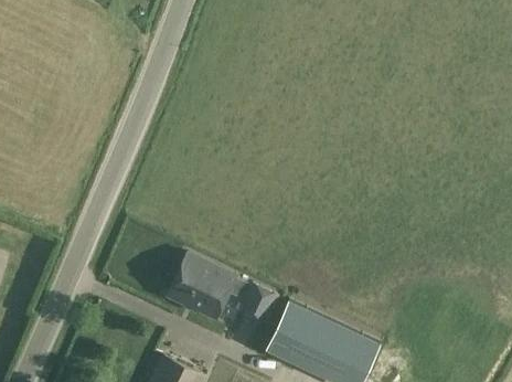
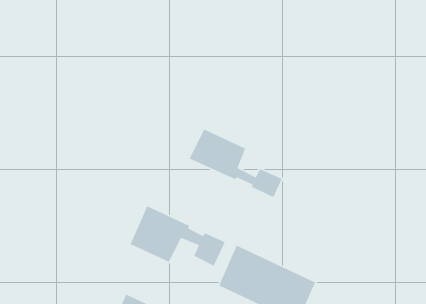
building: none -> [189,128,283,198]

